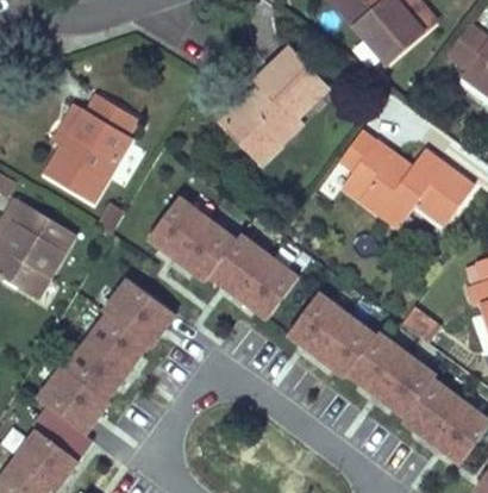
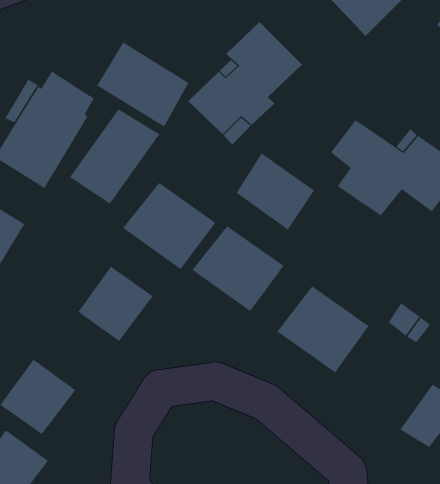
building: none -> [97,42,189,127]
building: none -> [69,109,160,205]
building: none -> [236,152,315,230]
building: [86,318,156,387] -> none
building: [355,329,439,408] -> none

